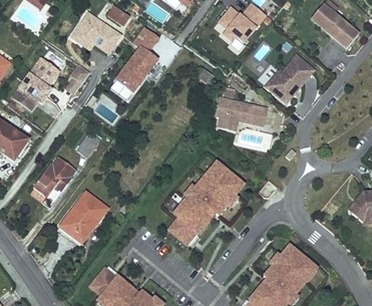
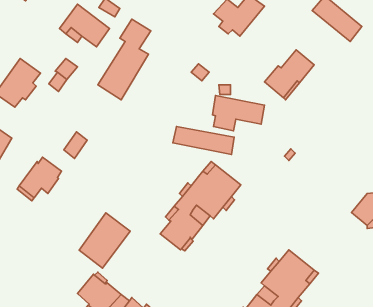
building: none -> [173,127,234,154]
building: [60,191,108,243] -> [79,213,130,268]

